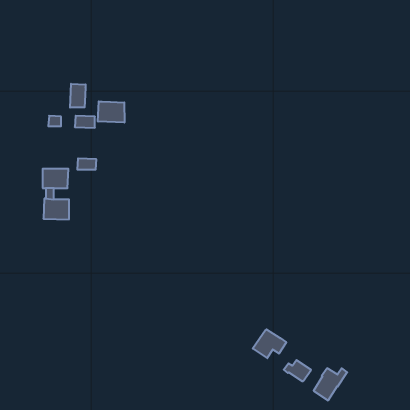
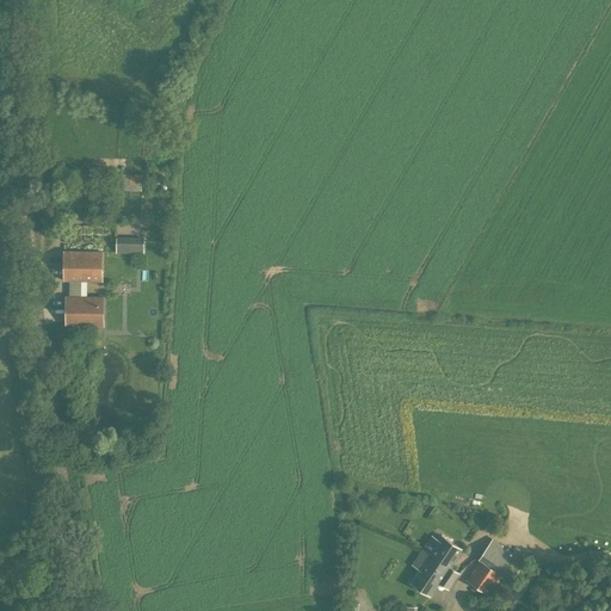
building: [70,84,86,108] -> none
building: [98,101,124,123] -> none
building: [253,329,286,358] -> [408,553,458,595]

